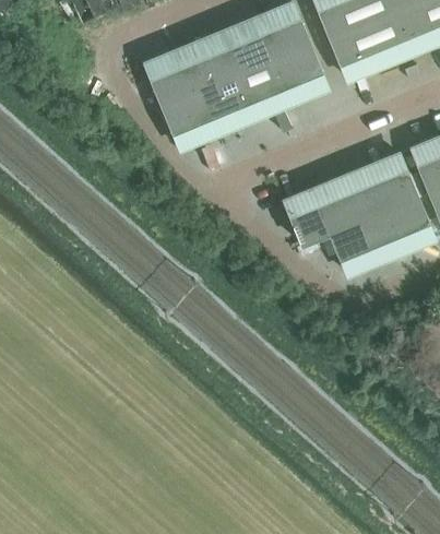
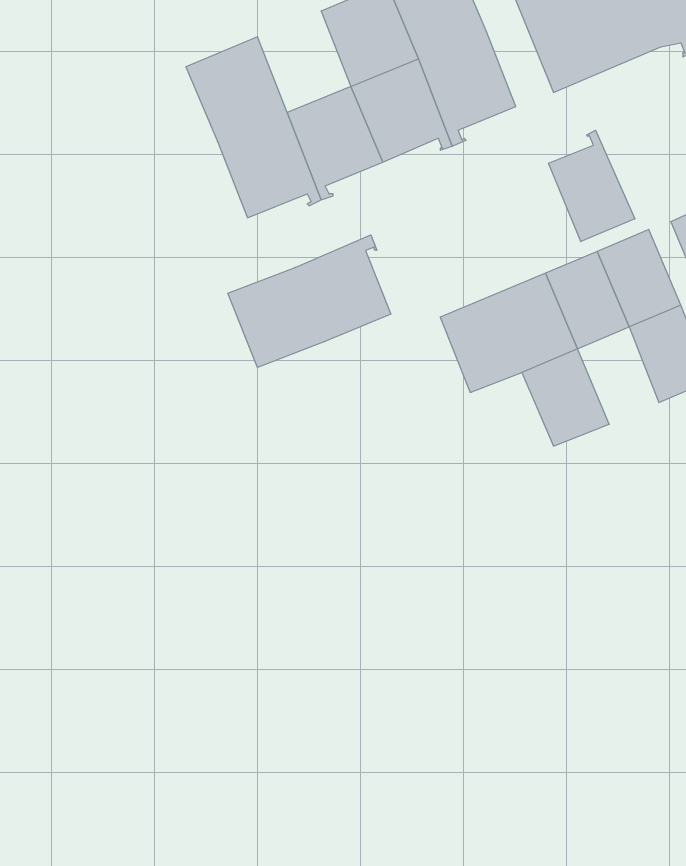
building: [183,32,235,87] -> none
building: none -> [549,130,635,242]
building: none -> [228,235,391,367]
building: [359,205,404,259] -> none

